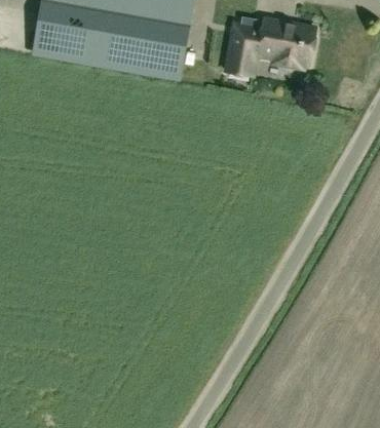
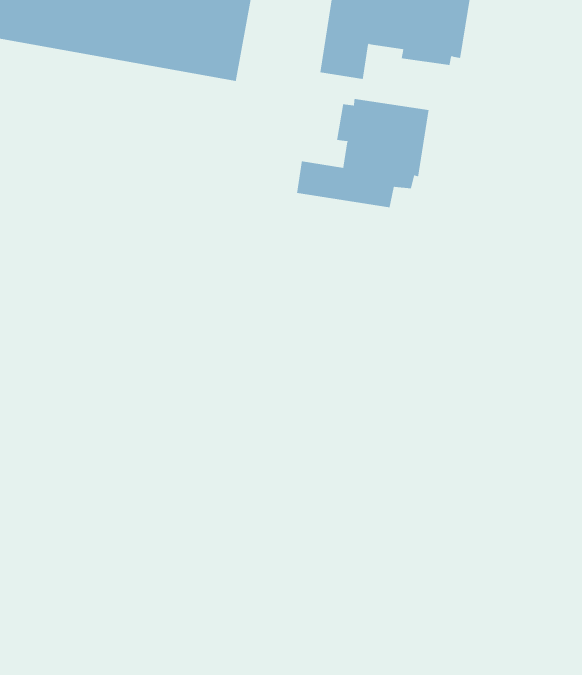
building: none -> [296,98,429,208]

